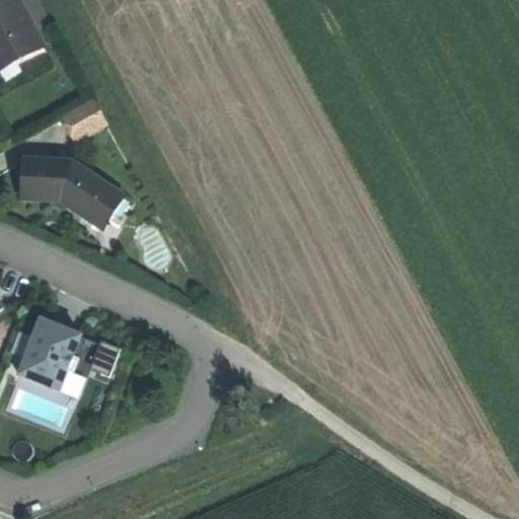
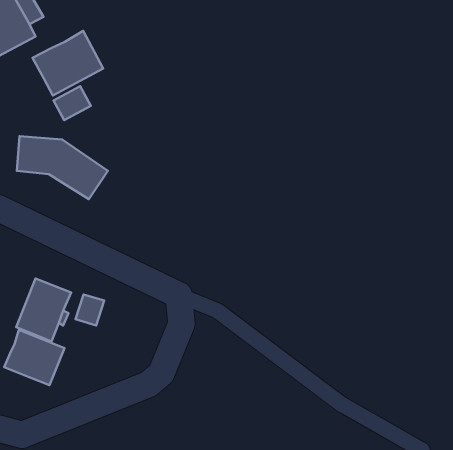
building: none -> [33,31,103,95]
building: none -> [4,330,64,385]

